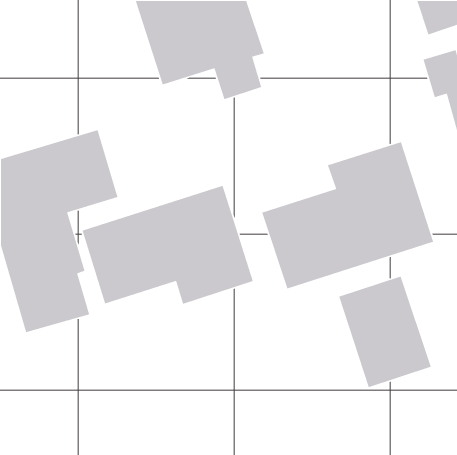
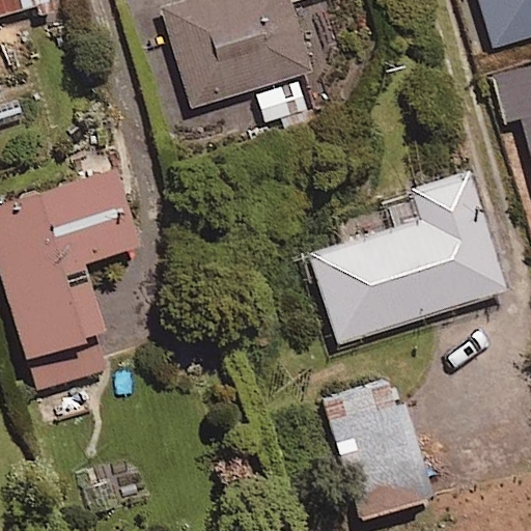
building: [81,185,254,305] -> none
building: [338,275,432,388] -> [322,380,428,508]

